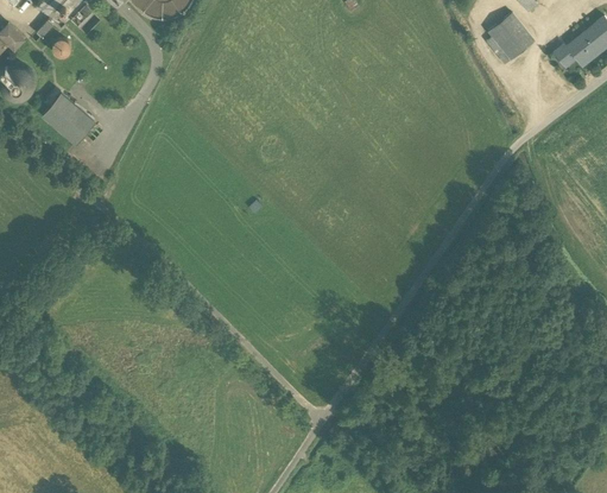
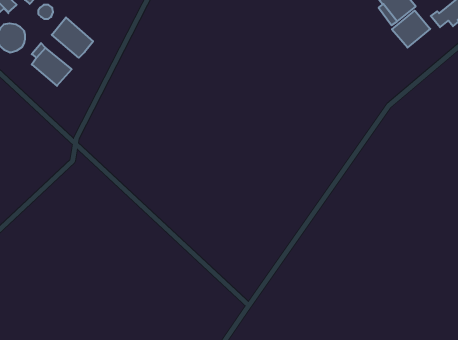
building: none -> [392,11,430,48]
building: none -> [52,17,93,58]

